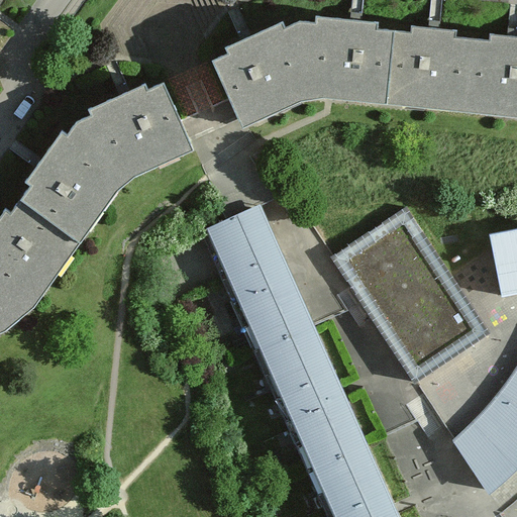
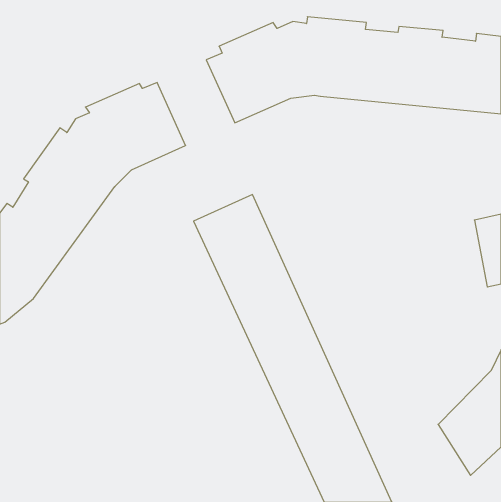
building: [329,203,489,381] -> none

